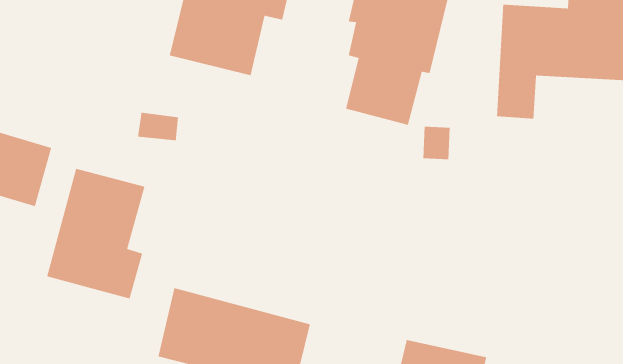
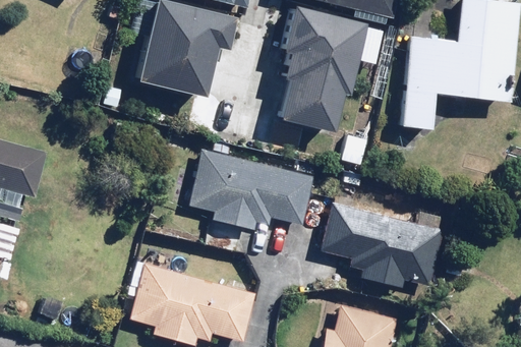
building: none -> [188,149,315,233]
building: [46,168,145,299] -> none
building: none -> [321,206,448,290]

